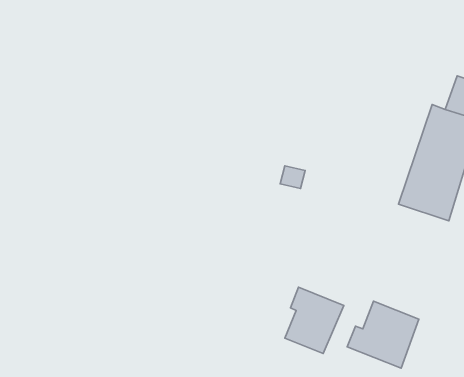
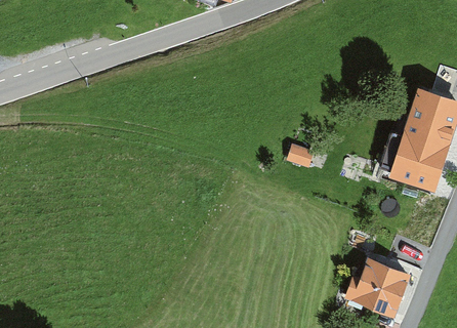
building: [285,287,344,354] -> none

